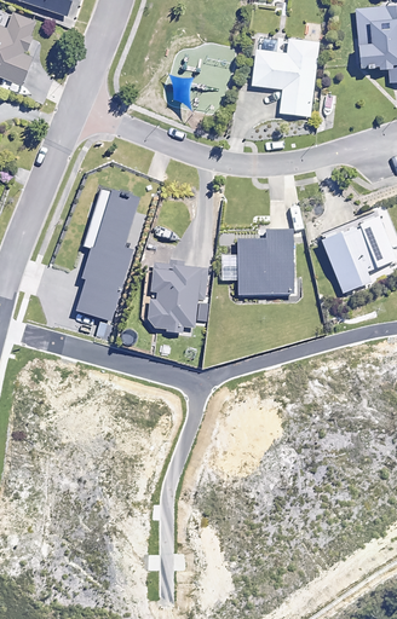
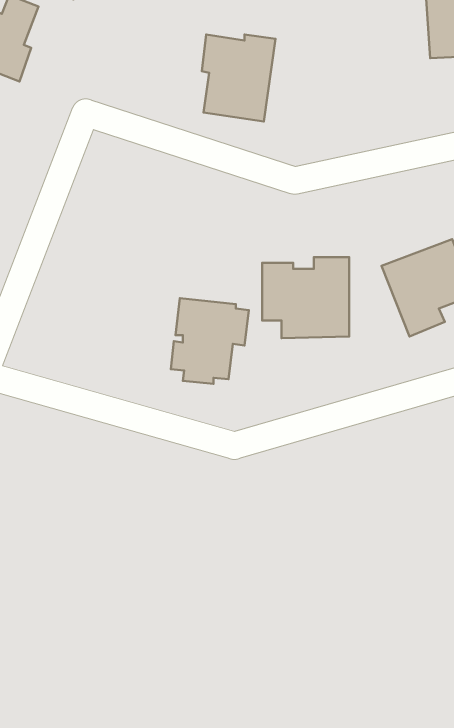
building: [251,39,318,116] -> none
building: [76,187,139,320] -> none

